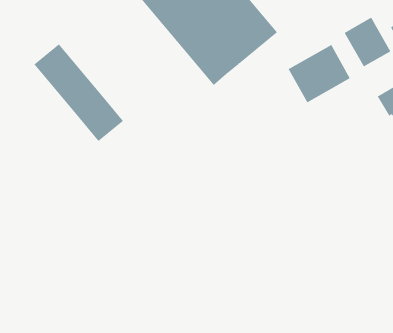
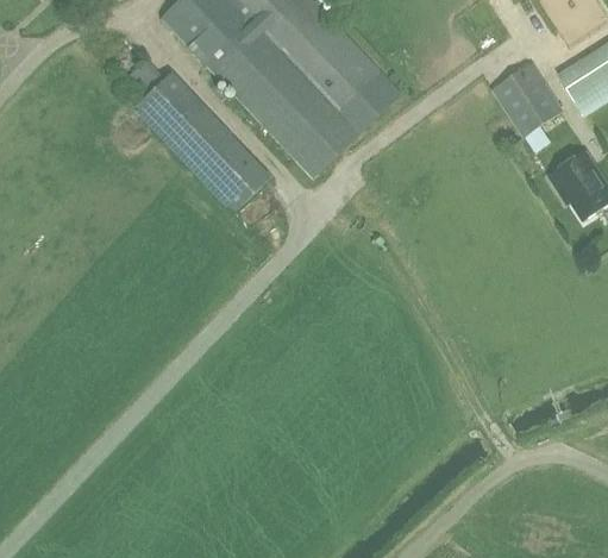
building: [34,43,124,142] -> [136,73,269,209]
building: [288,44,351,103] -> none

